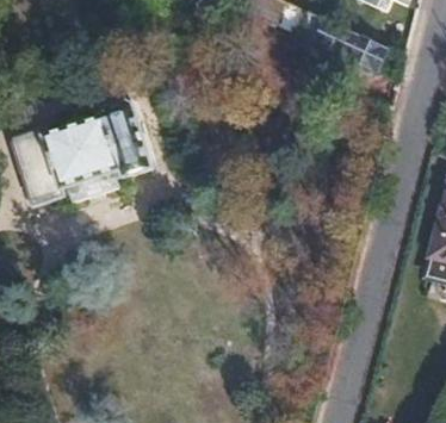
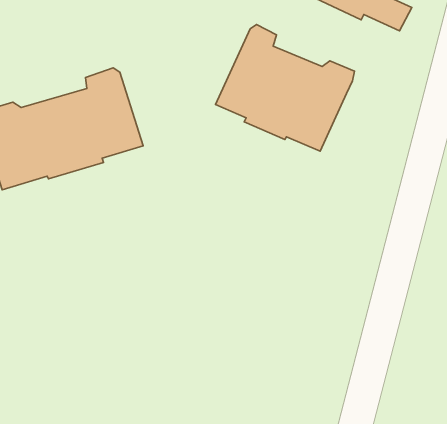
building: none -> [215,25,355,151]

